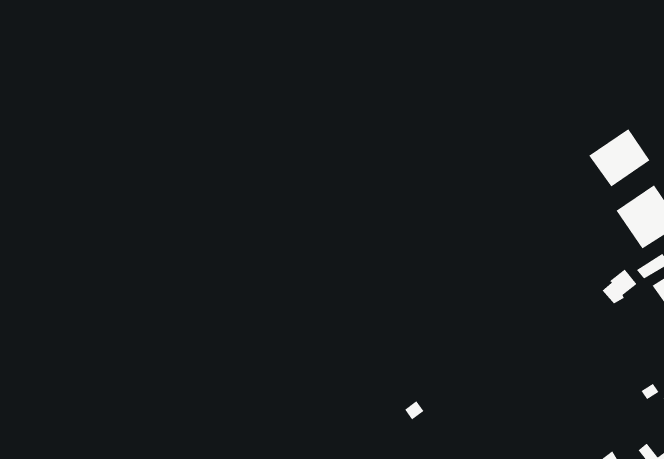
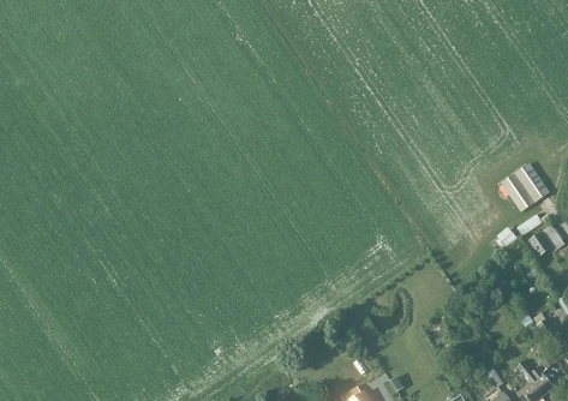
building: [588,128,651,187] -> none

